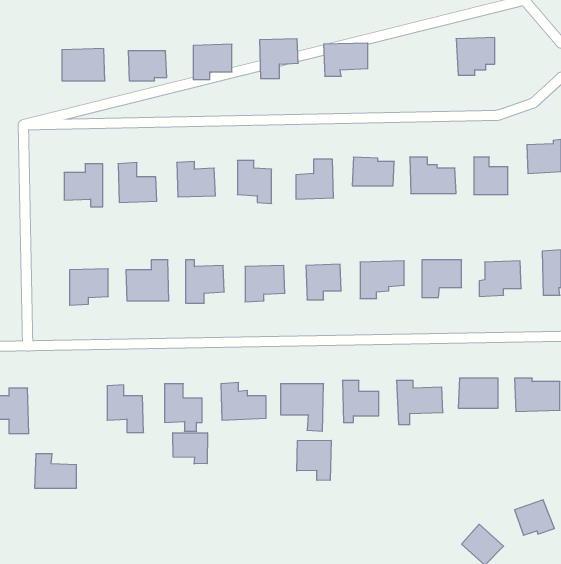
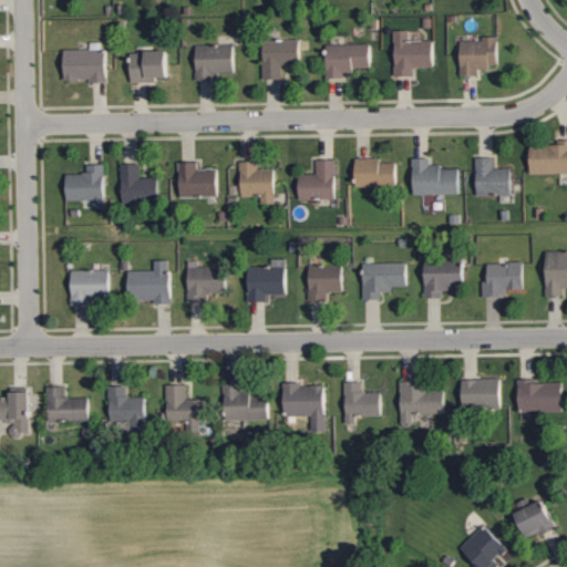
building: none -> [392,31,431,78]
building: [173,433,207,464] -> none
building: [297,440,331,480] -> none
building: [35,454,77,488] -> [45,388,87,422]

